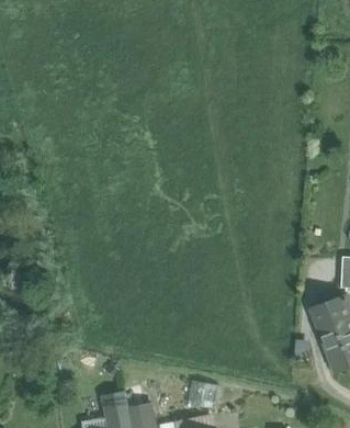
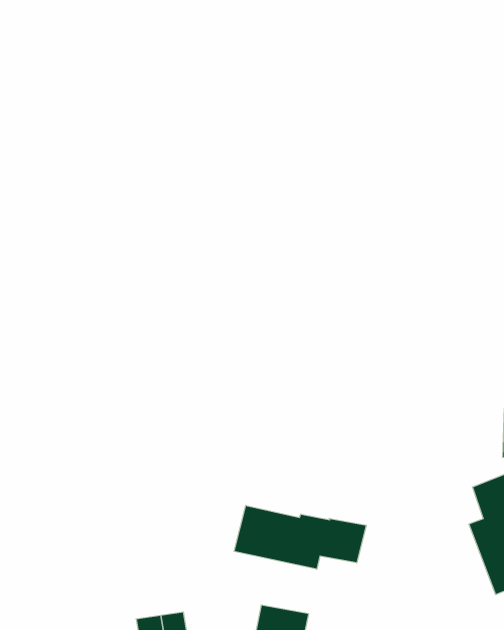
building: none -> [234,505,366,569]

